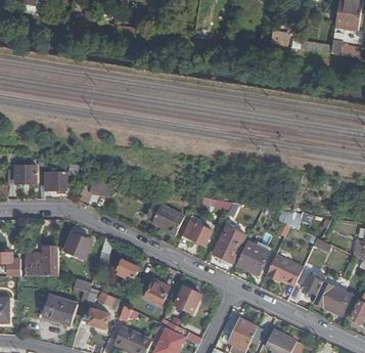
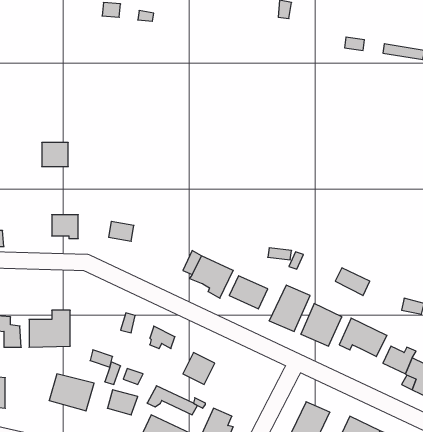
building: [14,165,35,183] -> [42,143,68,167]
building: [64,232,91,258] -> none
building: [175,285,201,312] -> none

